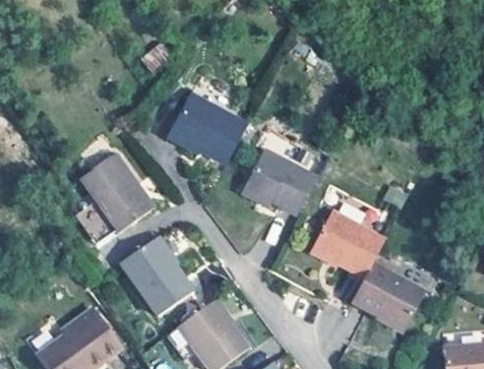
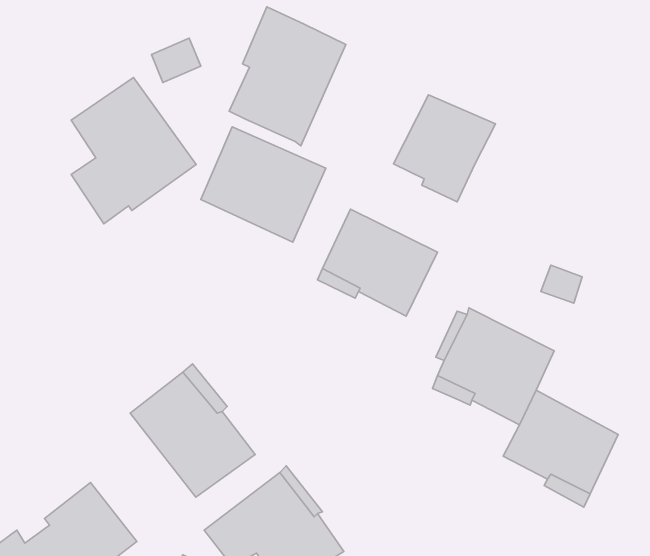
building: none -> [229,7,346,146]
building: none -> [393,95,495,202]
building: [80,157,158,247] -> [71,77,196,224]

